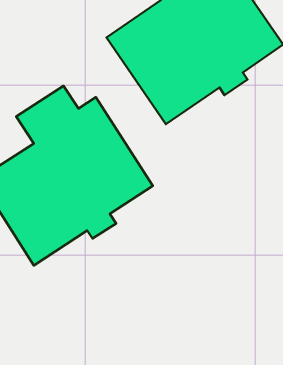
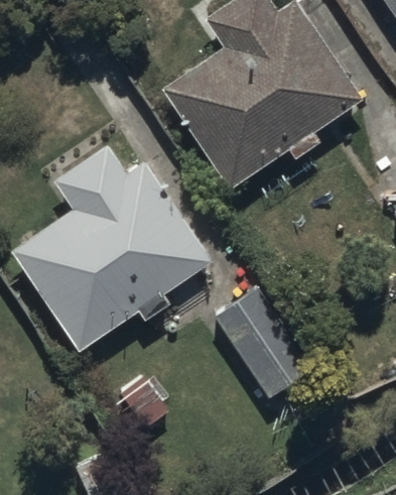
building: none -> [212,284,320,403]

